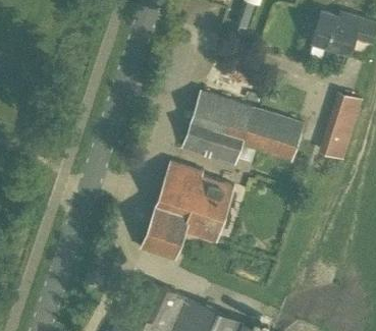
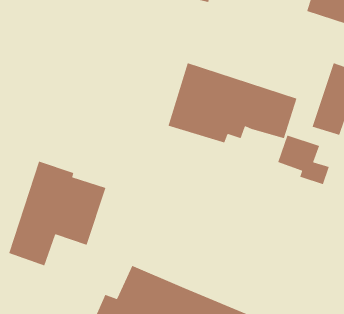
building: none -> [277,134,330,185]
building: [142,162,234,262] -> [8,160,107,267]

